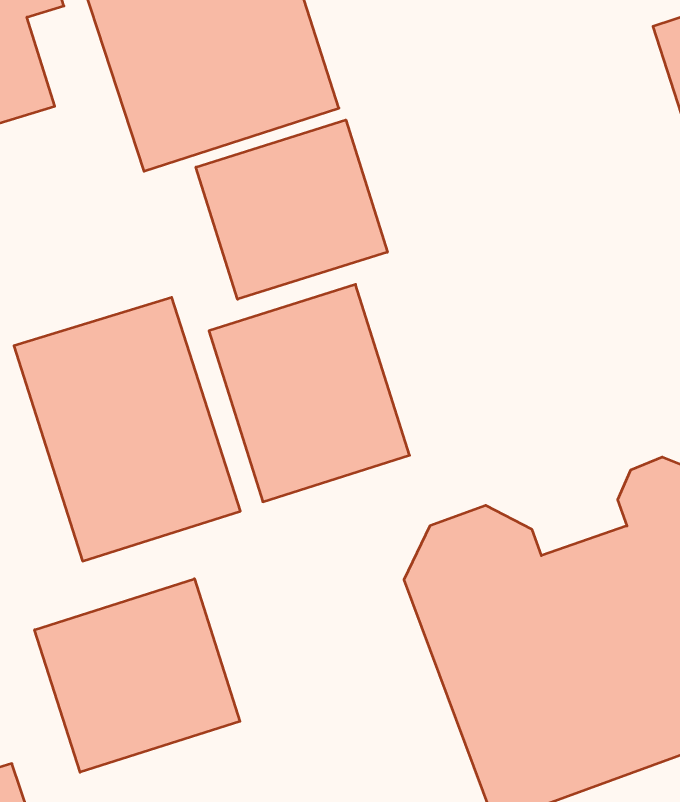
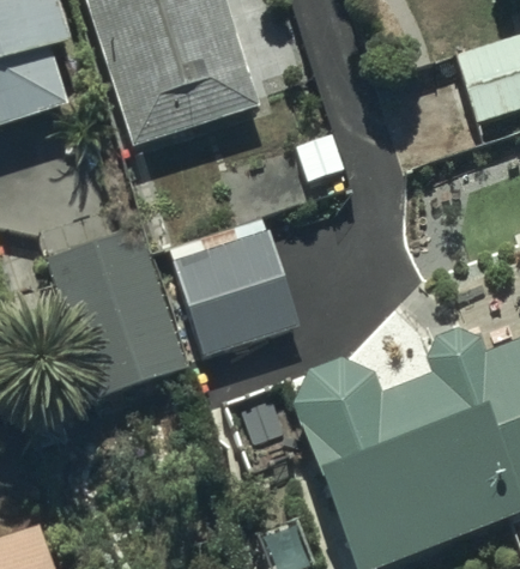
building: [196,120,387,299] -> none
building: [35,579,240,772] -> none

